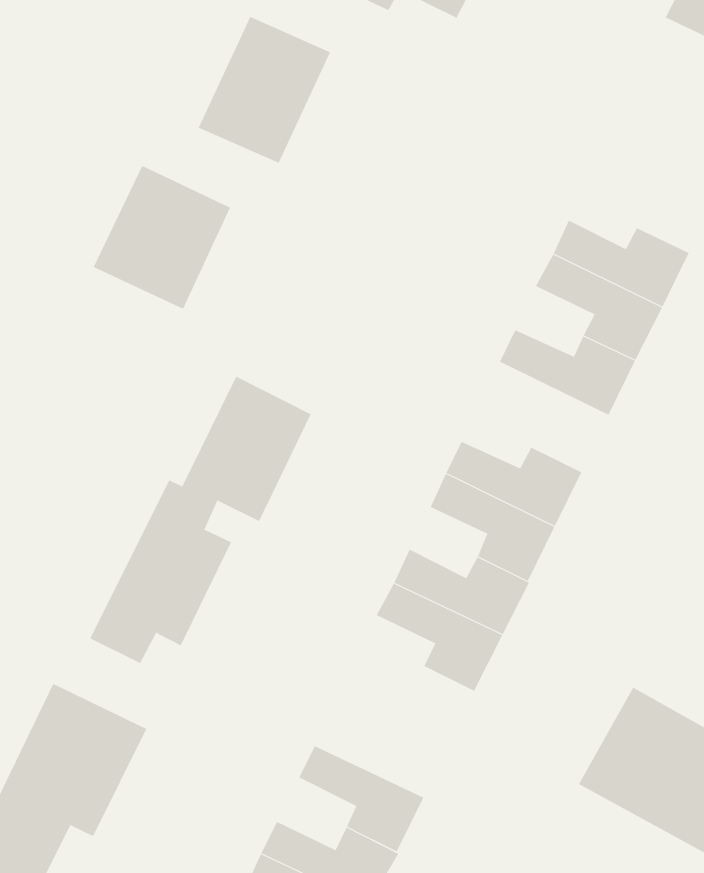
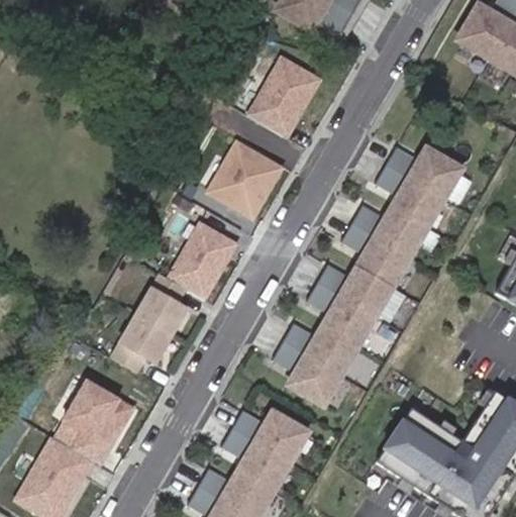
building: [198,16,331,164] -> [246,57,323,139]
building: [93,165,231,310] -> [207,141,286,223]
building: none -> [338,221,407,286]
building: none -> [230,408,306,459]

